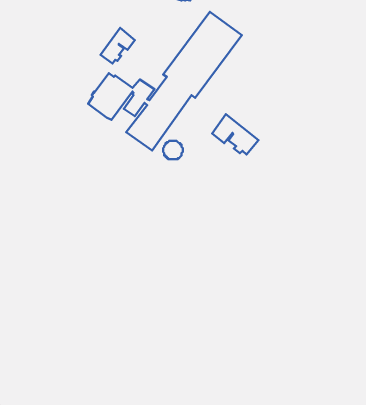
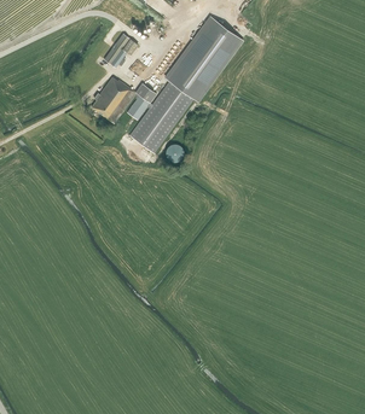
building: [212,114,258,154] -> none

